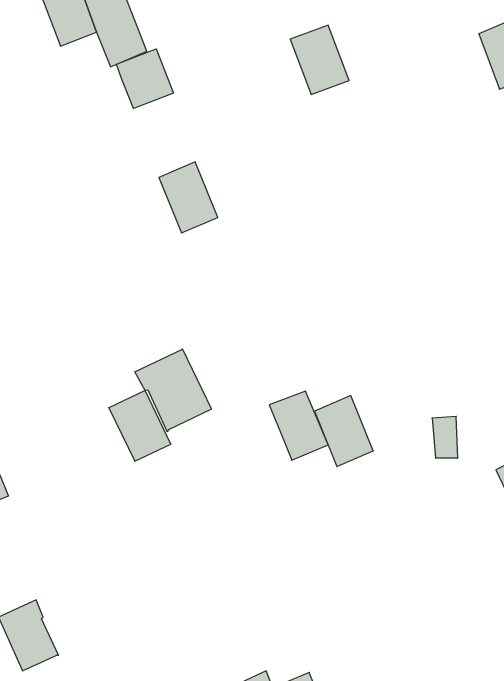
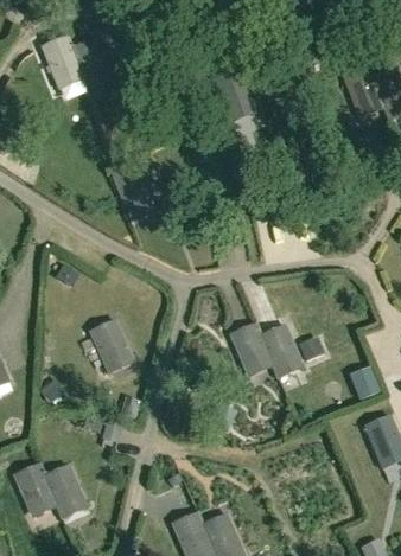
building: [116,49,173,108] -> none
building: [135,349,211,432] -> none
building: [269,391,328,460] -> [260,326,300,373]
building: none -> [43,466,84,513]

